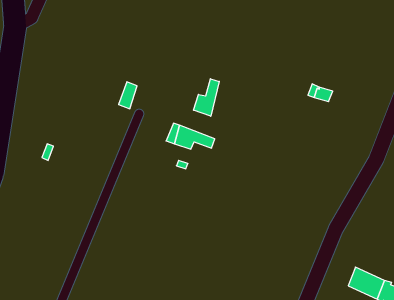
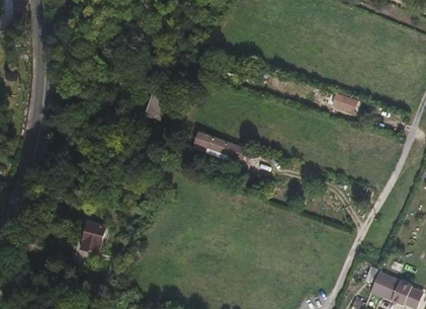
building: [194,79,219,116] -> none
building: none -> [77,226,102,257]

